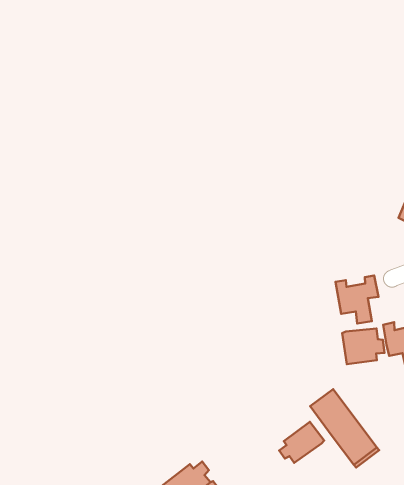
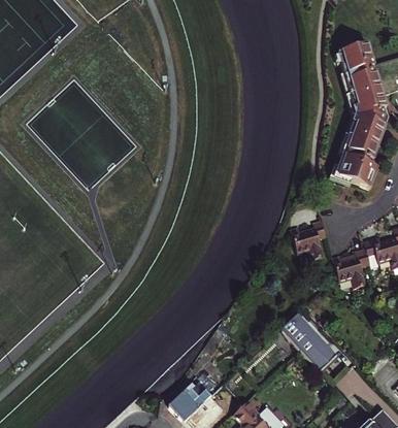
building: [342,328,384,364] -> none
building: [279,422,324,463] -> none

